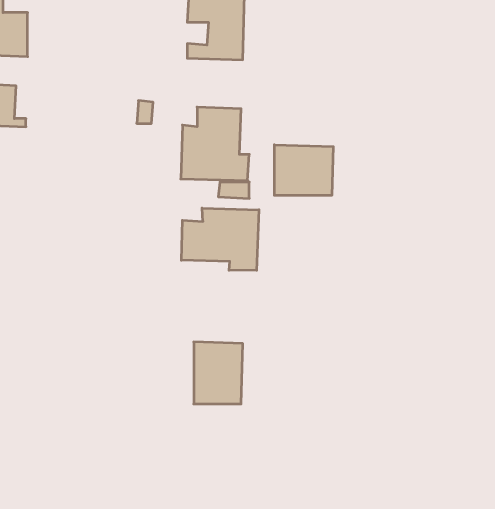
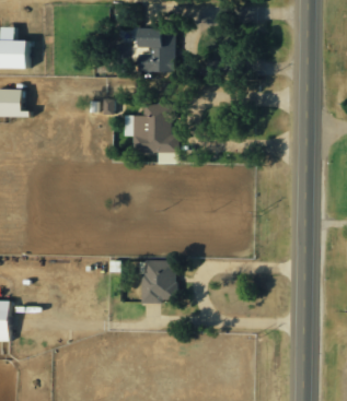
building: [274,145,333,195] -> none
building: [181,208,259,270] -> none

